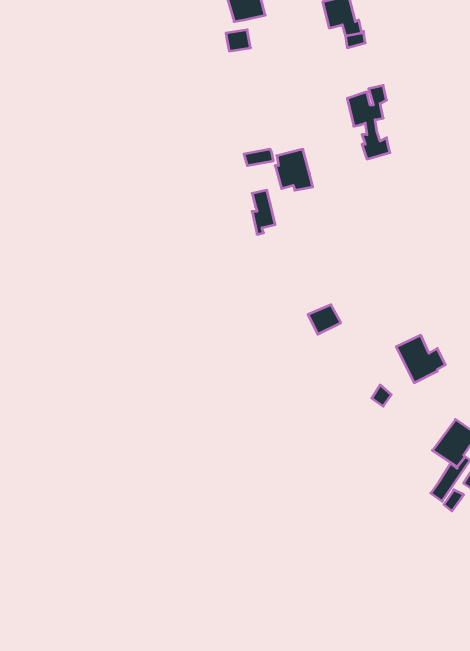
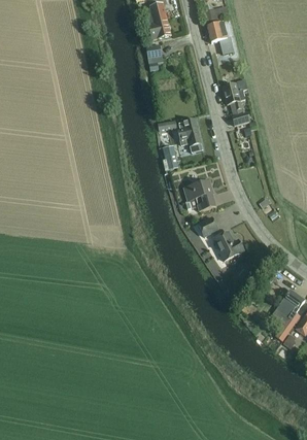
building: none -> [183,180,216,211]
building: [396,335,445,383] -> [213,231,244,261]

